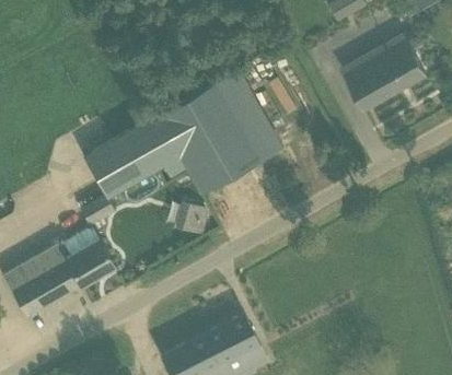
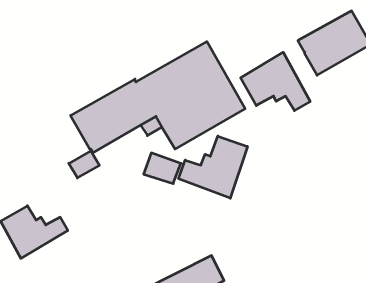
building: none -> [241,52,310,111]
building: none -> [179,136,247,198]
building: [34,228,115,288] -> none

